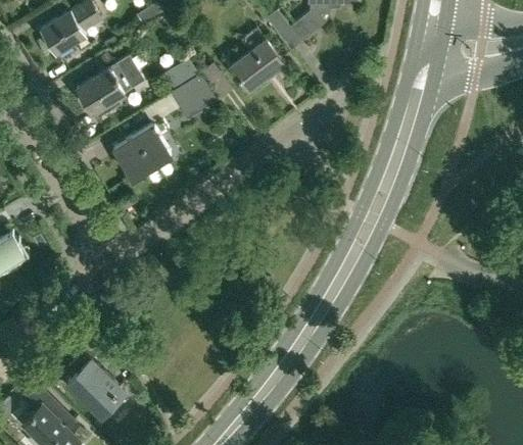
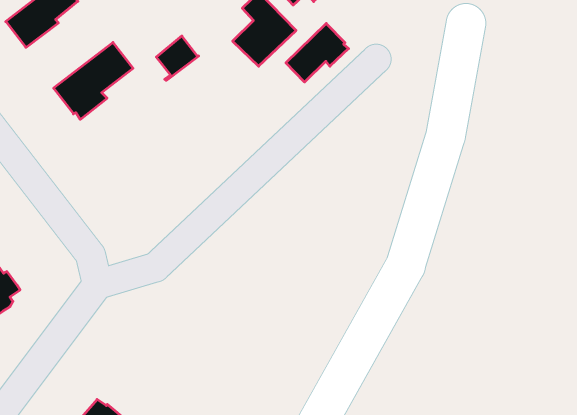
building: none -> [286,23,349,82]
building: [171,76,210,109] -> none
building: [113,121,171,179] -> none

